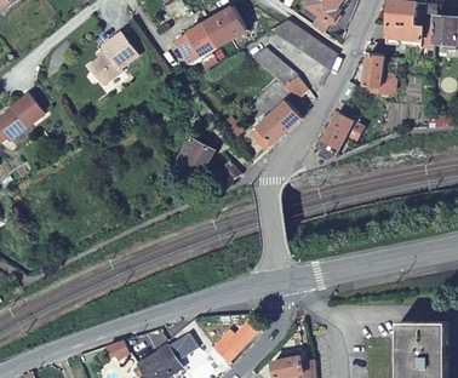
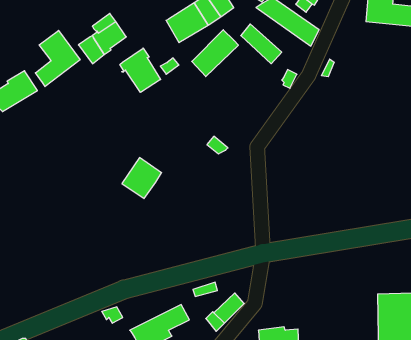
building: none -> [35,30,80,87]
building: [361,52,394,92] -> none
building: none -> [120,48,161,92]
building: [252,102,300,150] -> [192,30,238,77]
building: [314,102,361,160] -> none
building: [171,136,212,178] -> [122,158,162,199]

